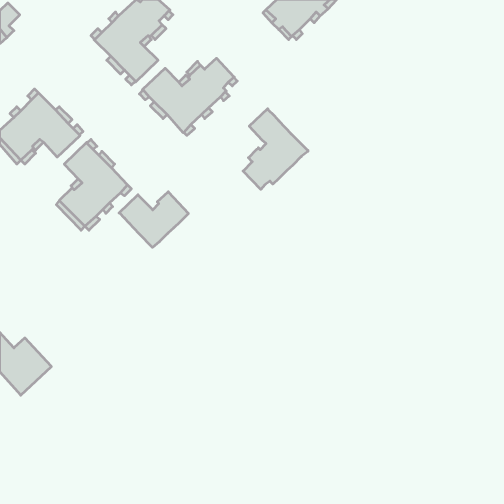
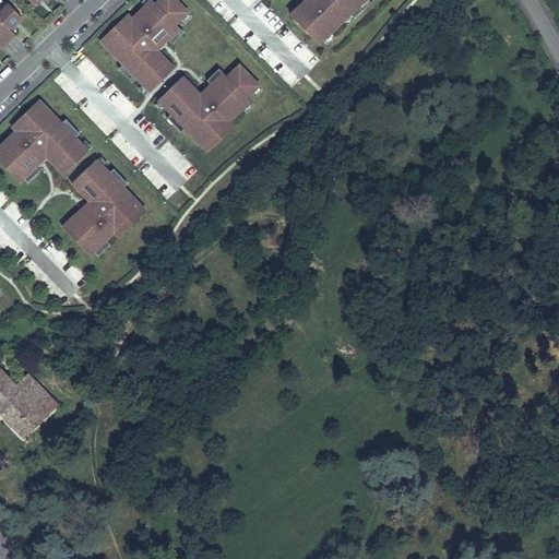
building: [243,109,308,189] -> none
building: [119,192,188,247] -> none

